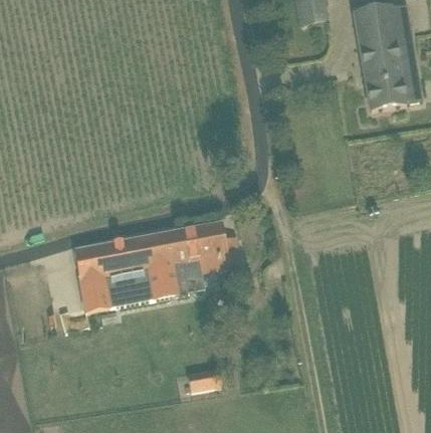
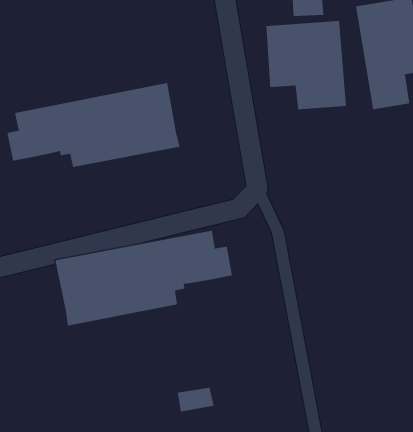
building: none -> [265,20,347,110]
building: none -> [6,82,180,168]

